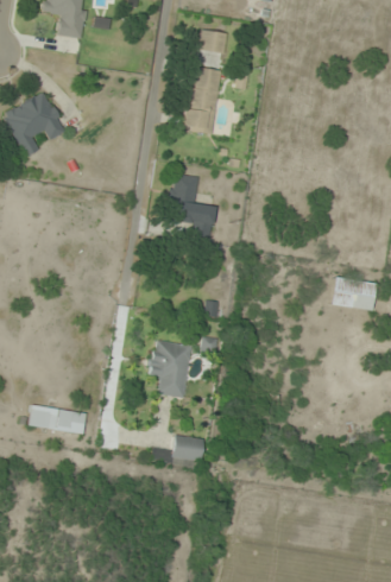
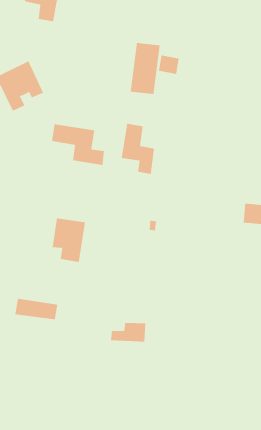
building: [198,29,227,55] -> [158,55,180,75]
building: none -> [52,124,104,166]
building: [146,340,191,399] -> [52,218,86,263]

